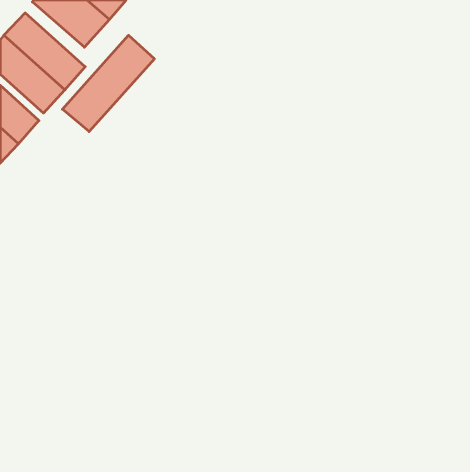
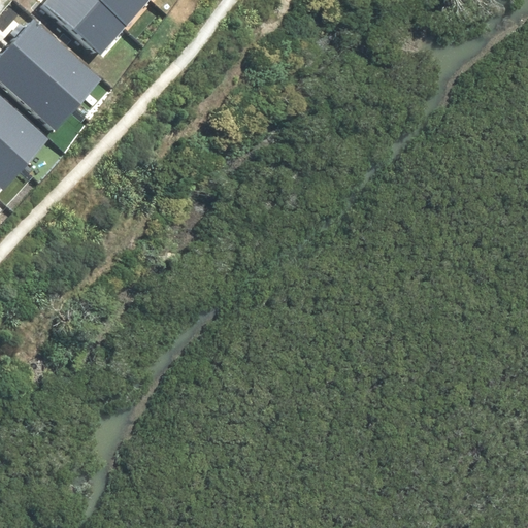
building: [62,35,154,132] -> none

